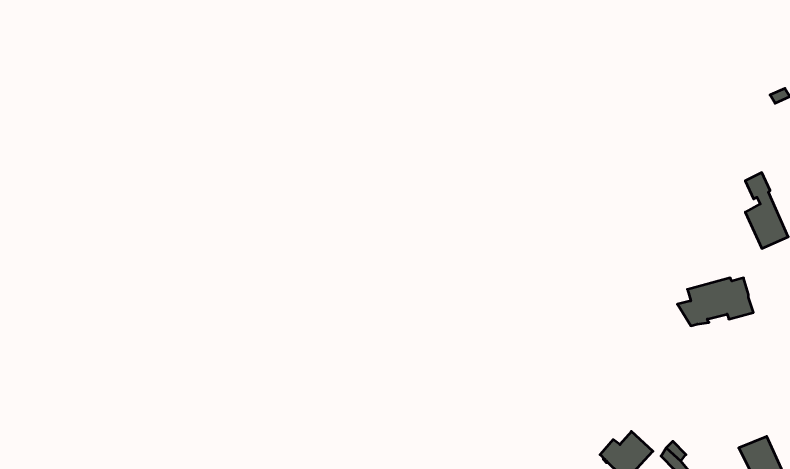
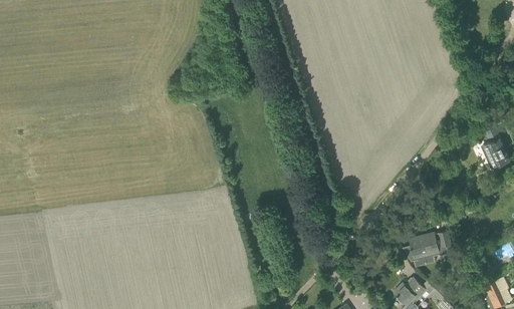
building: [677,278,753,326] -> [404,231,450,260]

